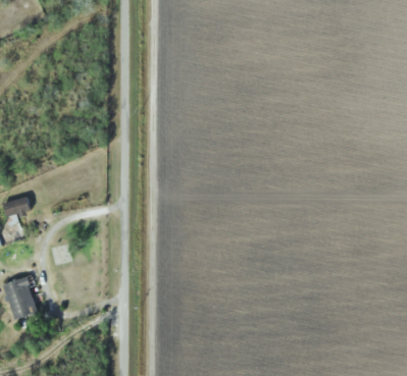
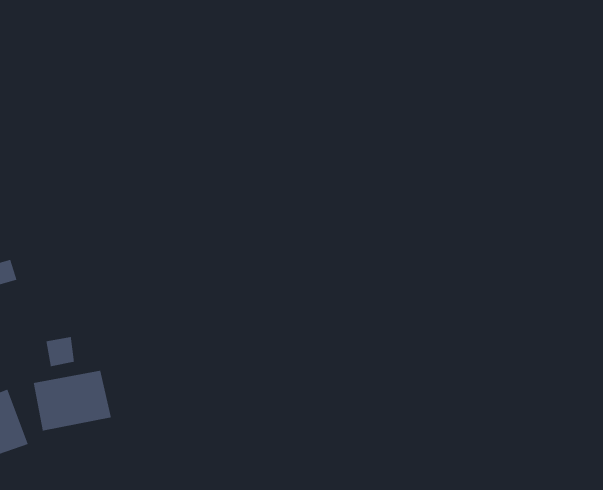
building: none -> [33,370,112,432]

